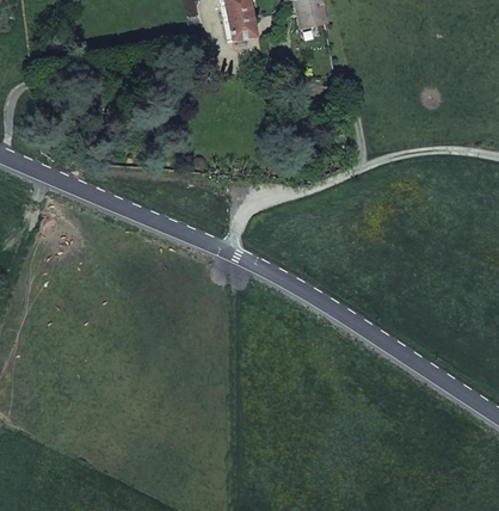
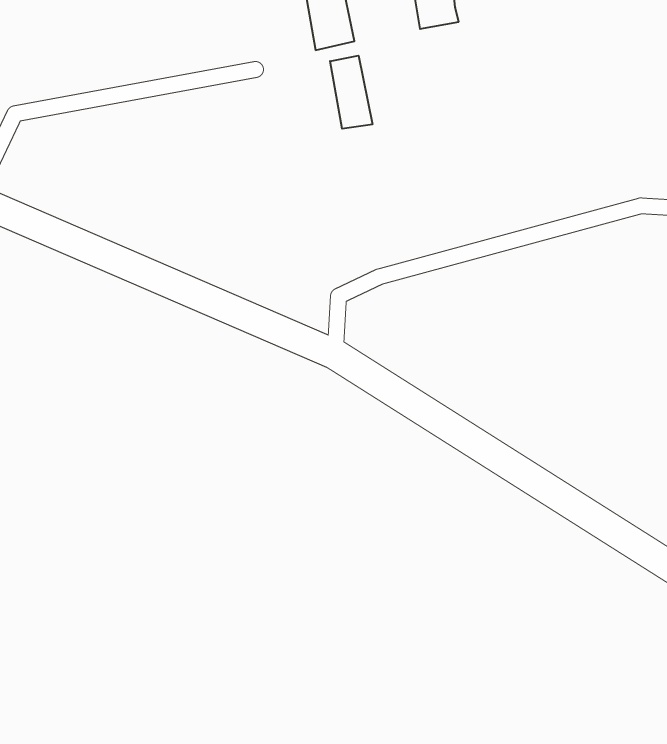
building: none -> [330,56,372,129]

